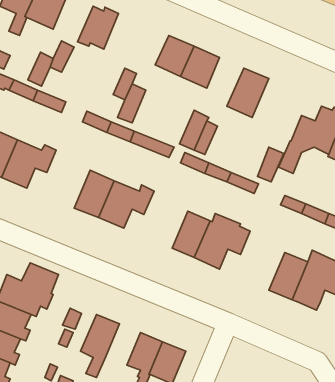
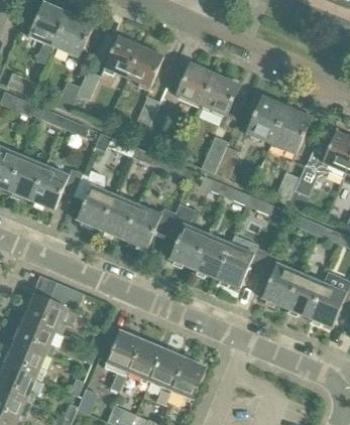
building: none -> [127,43,163,91]
building: none -> [269,106,312,154]
building: none -> [73,170,114,230]
building: none -> [165,204,208,268]
building: none -> [258,252,301,308]
building: none -> [129,340,162,380]

